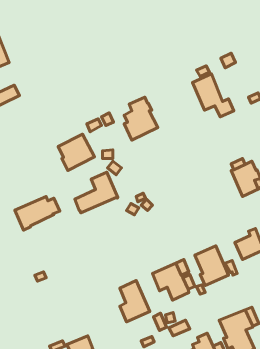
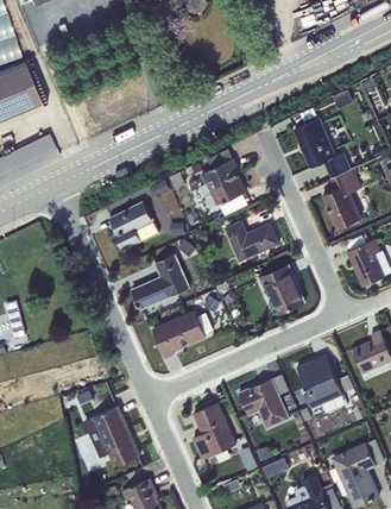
building: none -> [322,168,362,228]
building: none -> [223,220,279,260]
building: none -> [258,265,304,313]
building: [15,196,60,230] -> [152,310,214,357]
building: none -> [84,406,139,466]

